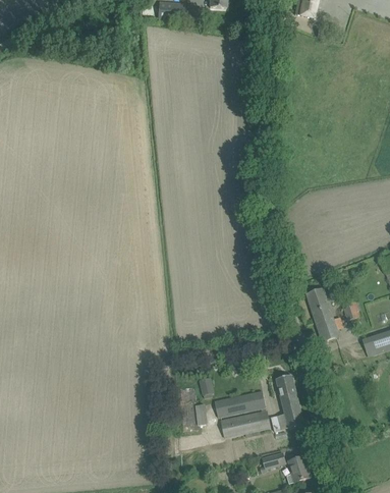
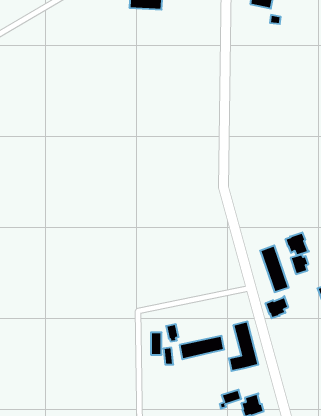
building: none -> [286,232,309,255]
building: none -> [266,296,288,318]
building: [220,409,270,436] -> none

